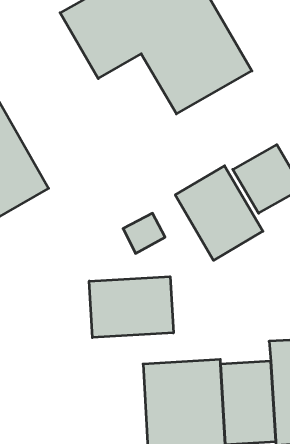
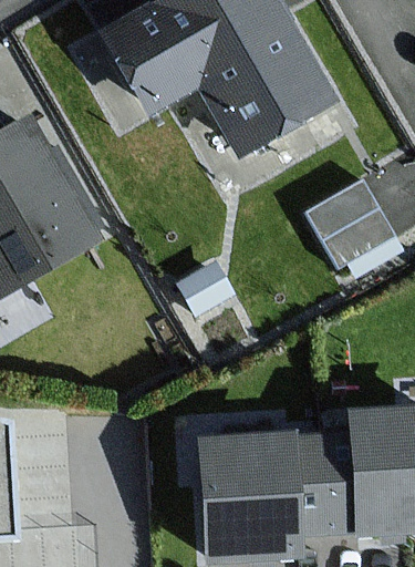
building: [175,166,263,260] -> none
building: [89,277,173,338] -> none

